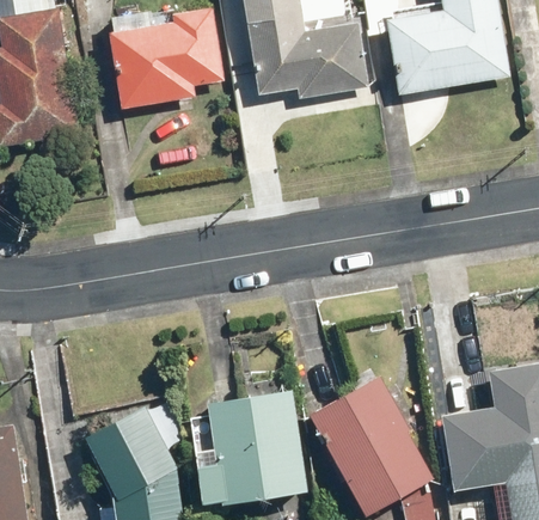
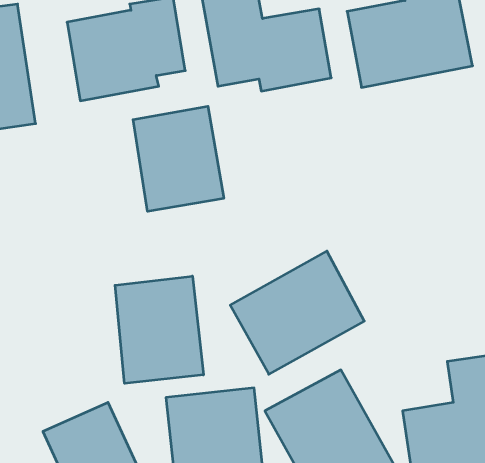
building: none -> [133,106,224,211]
building: none -> [230,251,364,374]
building: none -> [115,276,203,383]

